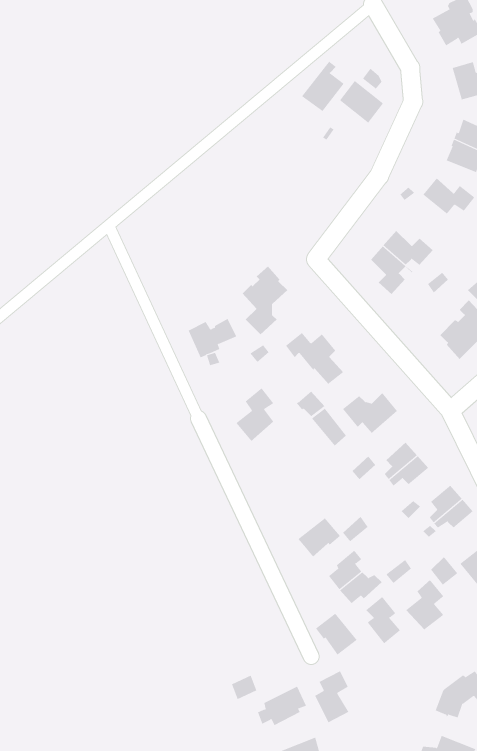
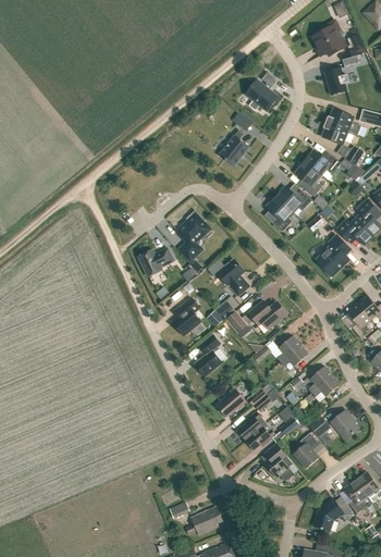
building: [301,61,344,112] -> [219,129,249,165]
building: none -> [295,161,322,197]
building: none -> [195,334,222,376]
building: [315,613,358,655] -> none
building: [314,670,349,723] -> none

